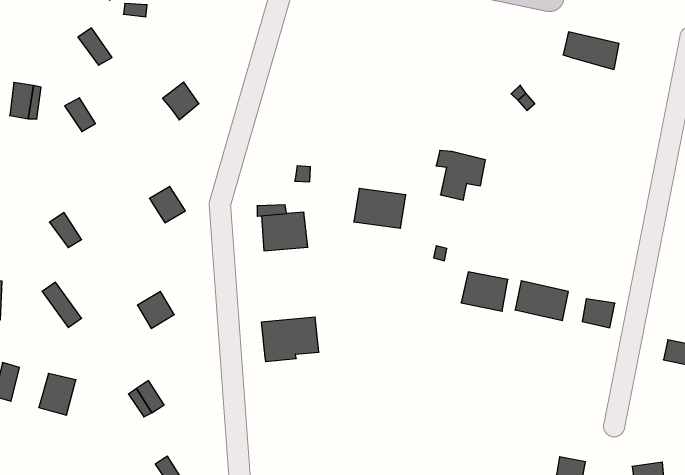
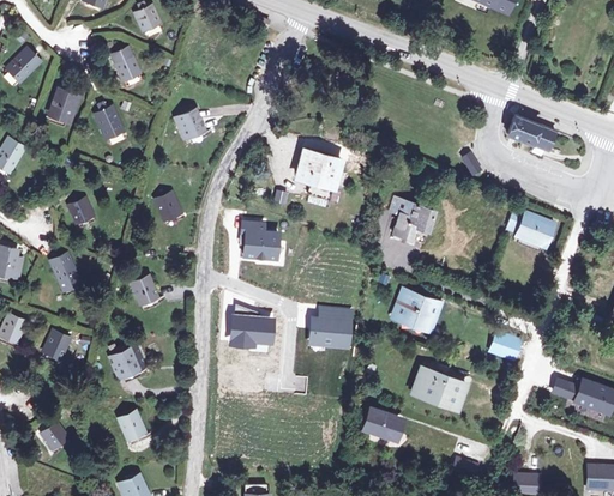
building: none -> [504,210,553,247]
building: [354,189,406,228] -> [295,149,341,186]
building: [515,281,568,321] -> [419,370,464,407]
building: none -> [308,304,354,349]
building: none -> [362,407,399,437]

